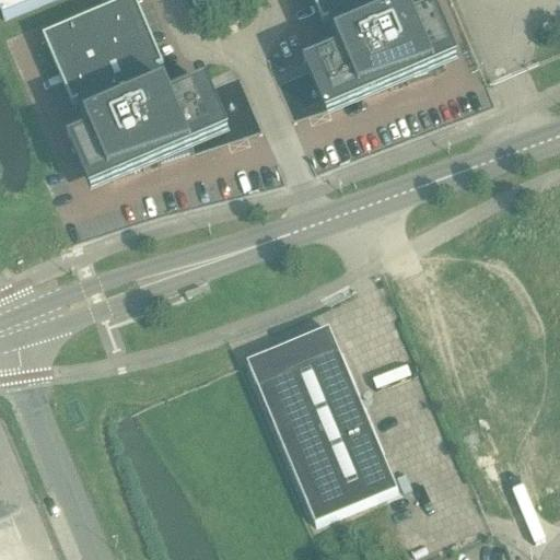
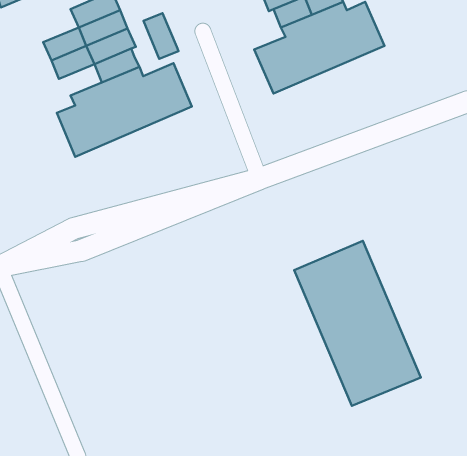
building: [42,11,94,50] -> none
building: none -> [143,13,179,59]
building: [75,77,121,114] -> none
building: [245,319,396,516] -> [294,241,421,406]

